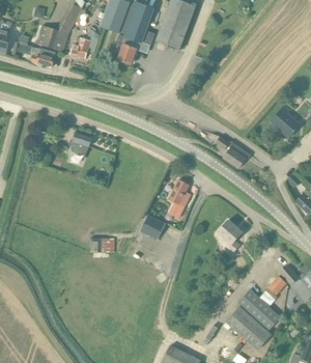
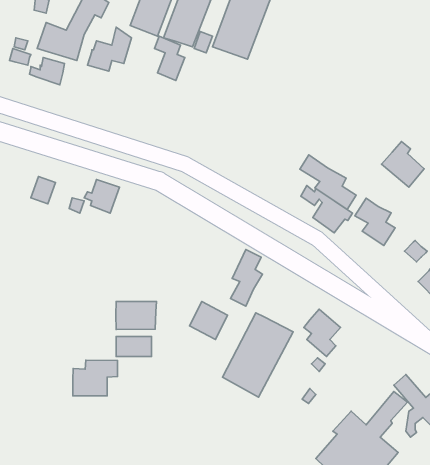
building: none -> [300,155,356,209]
building: none -> [355,198,395,246]
building: none -> [116,302,157,330]
building: none -> [223,313,293,397]
building: none -> [73,360,118,396]

